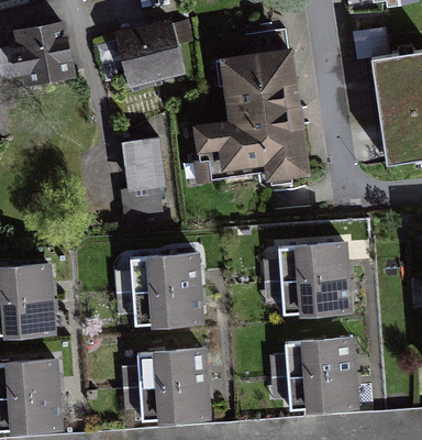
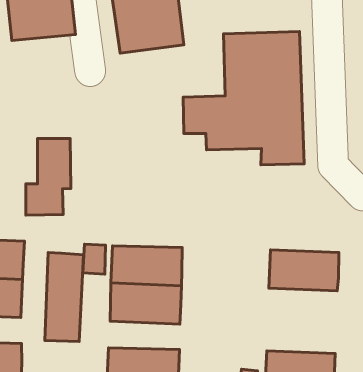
building: [118,131,160,208] -> [26,138,71,215]
building: none -> [45,252,84,342]
building: [287,283,355,322] -> none

